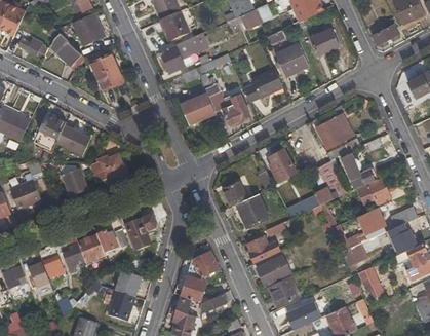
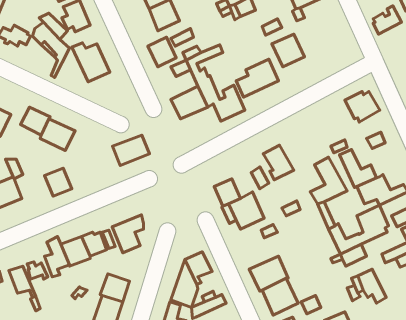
building: [310,28,339,55] -> none
building: [315,119,348,148] -> [345,92,380,122]
building: [89,154,124,183] -> [112,135,149,166]
building: [247,235,279,261] -> none

